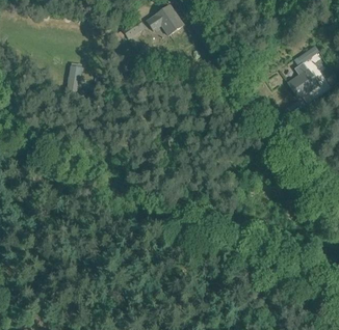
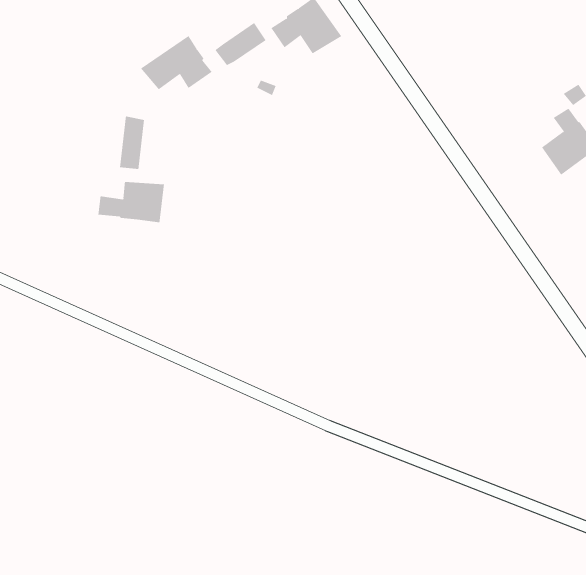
building: none -> [140,35,213,90]
building: none -> [98,181,165,223]

